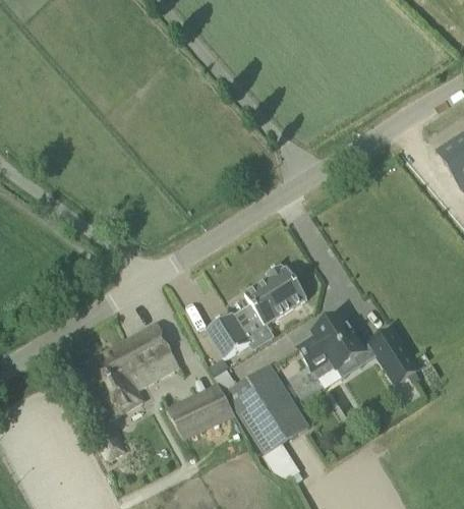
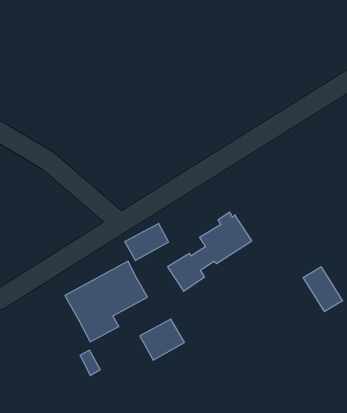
building: none -> [125,223,168,261]
building: [297,313,364,371] -> none
building: [226,364,308,454] -> none

